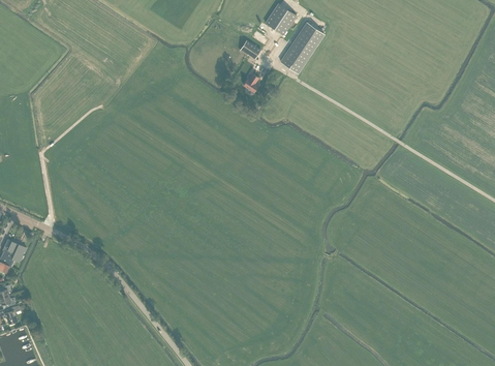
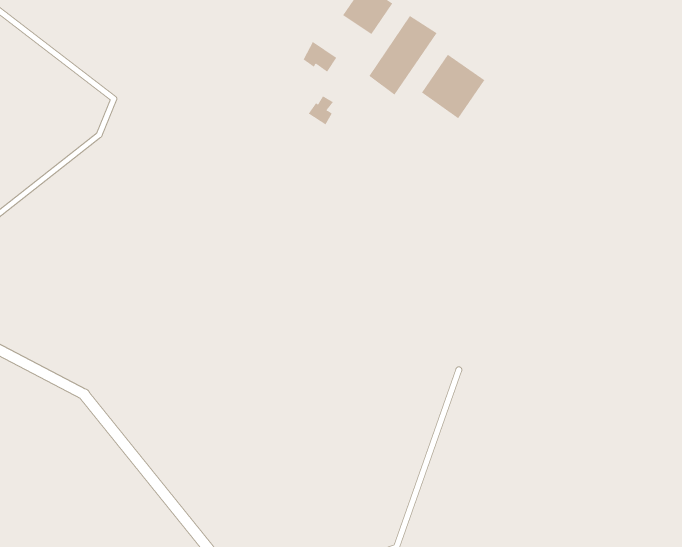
building: none -> [421,54,485,119]

